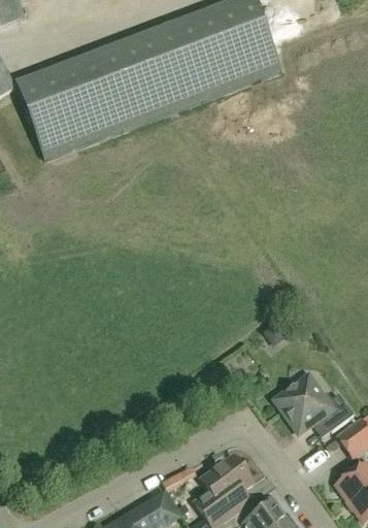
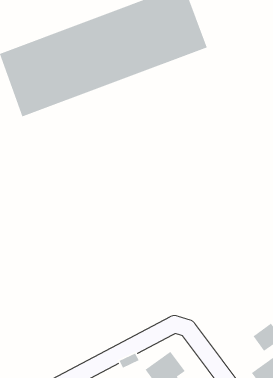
building: [275,375,354,433] -> none

